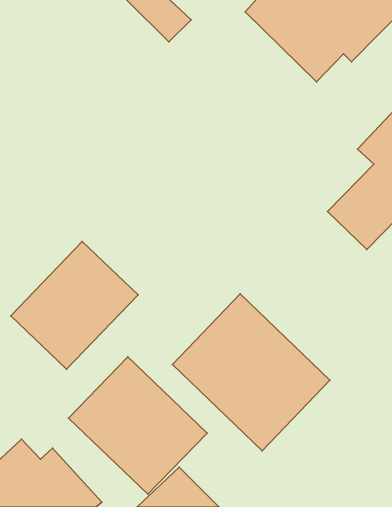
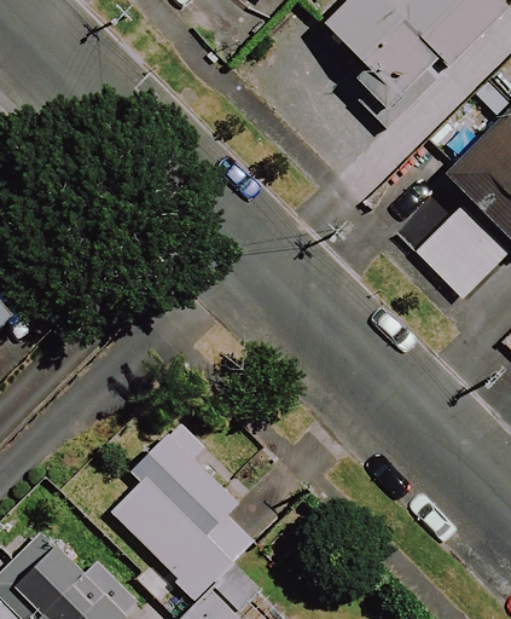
building: [11,241,138,369] -> none
building: [172,294,330,451] -> none

